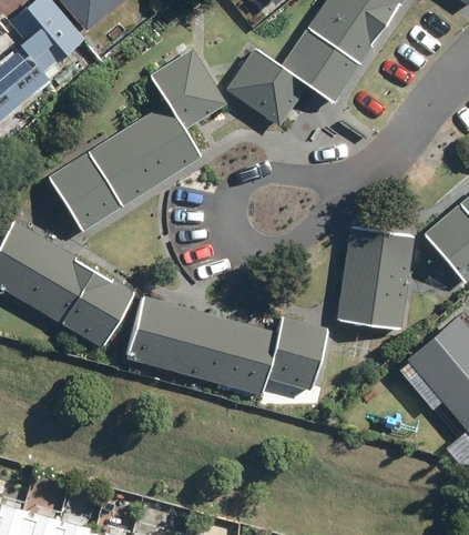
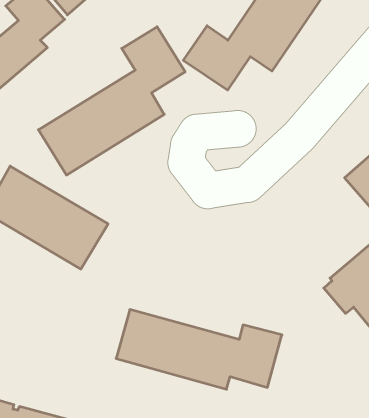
building: [338,230,412,329] -> none
building: [126,296,329,394] -> [116,310,282,389]

